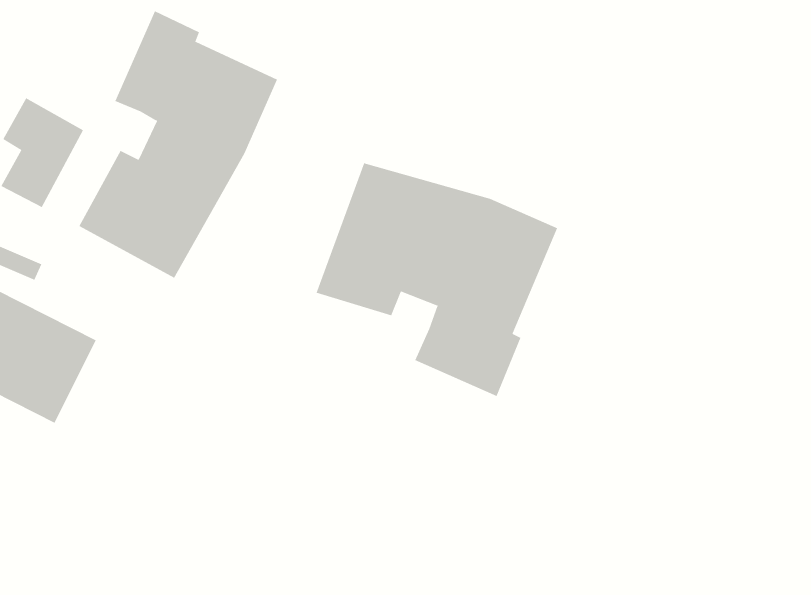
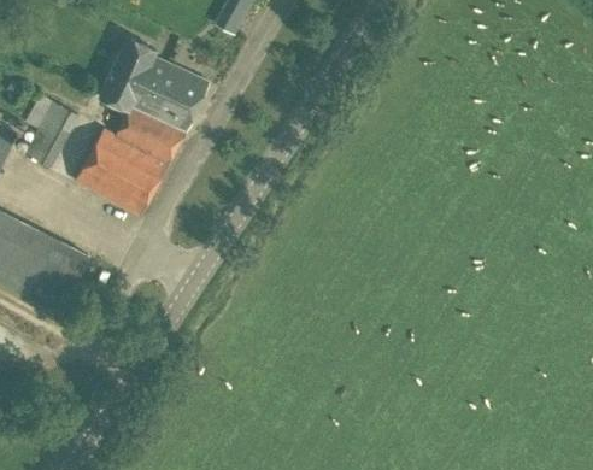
building: [316,163,558,397] -> none

